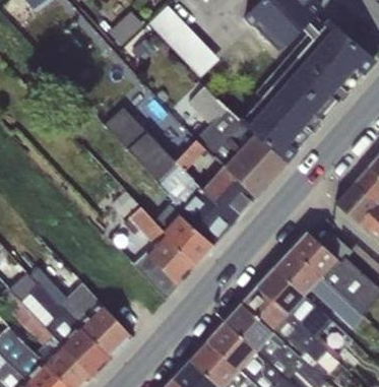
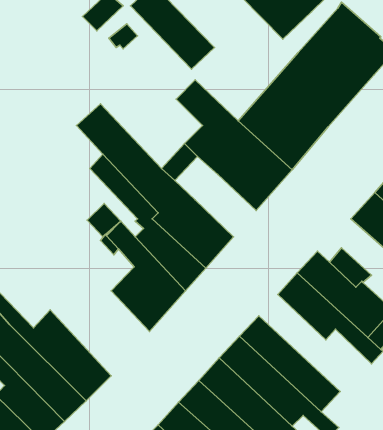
building: [204,166,256,218] -> none
building: [258,267,339,358] -> none

